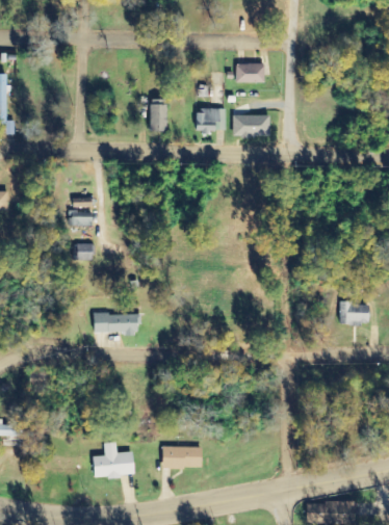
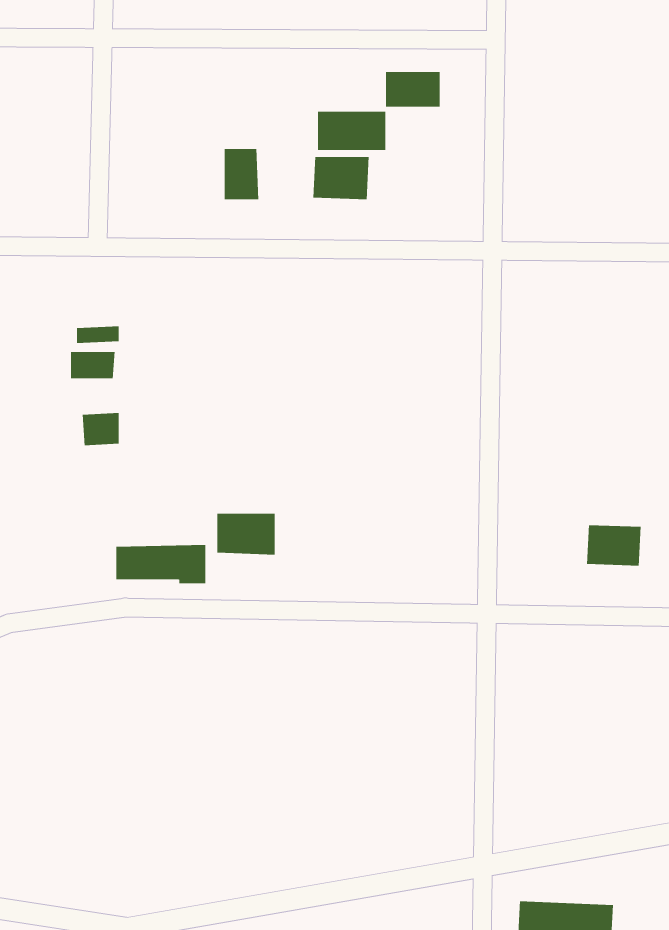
building: [231,114,267,135] -> [317,111,386,150]
building: none -> [217,513,275,556]
building: [89,442,132,477] -> none
building: [160,446,200,469] -> none

